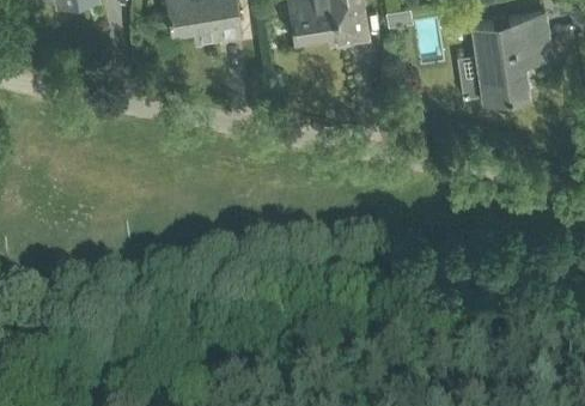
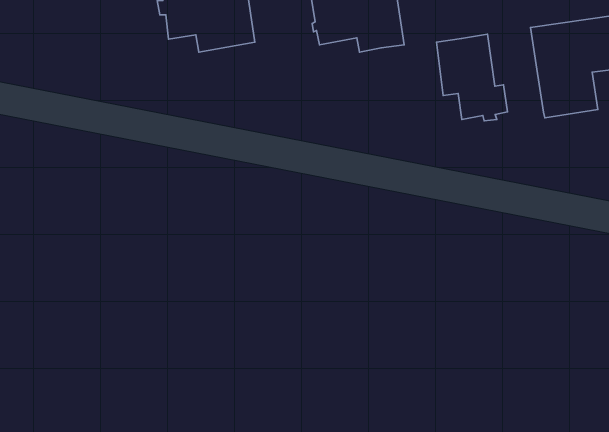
building: none -> [437,34,508,121]

